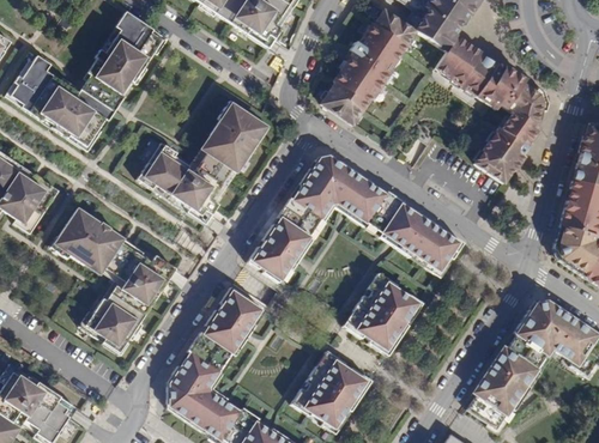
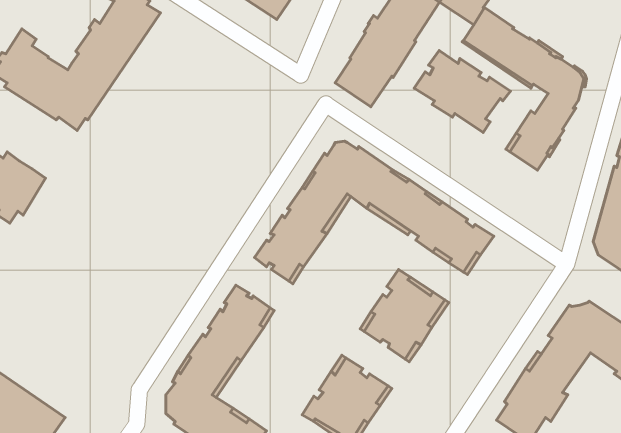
building: none -> [414,50,511,133]
building: [137,105,267,223] -> none
building: [55,207,175,352] -> none

